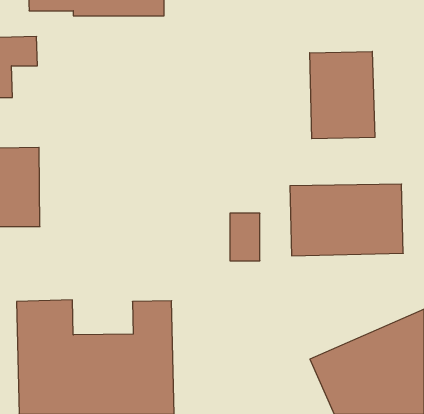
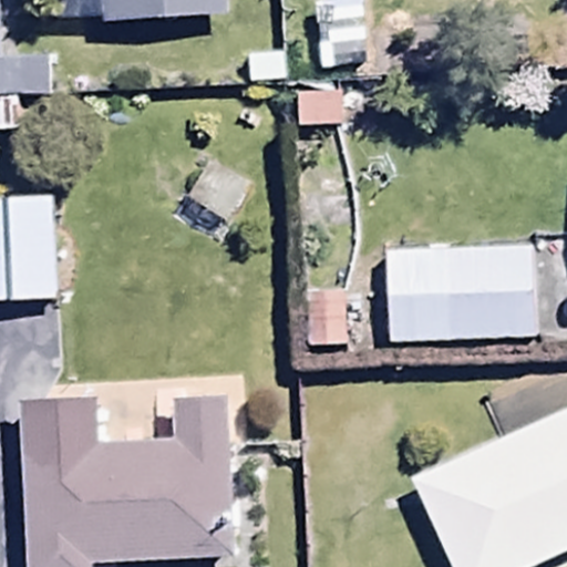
building: [310,51,375,139] -> none

